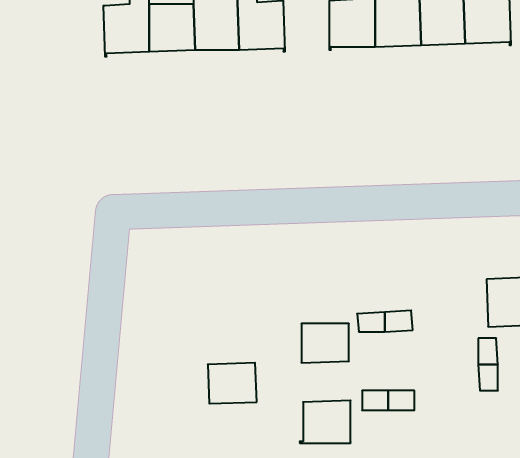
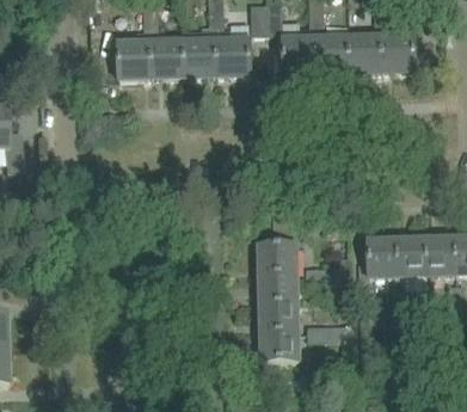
building: none -> [367,239,398,276]
building: none -> [258,244,296,273]
building: [208,363,257,404] -> [262,301,297,331]

